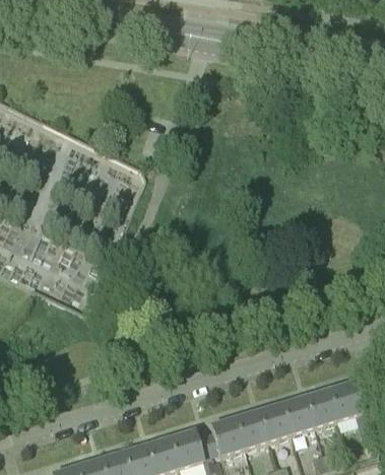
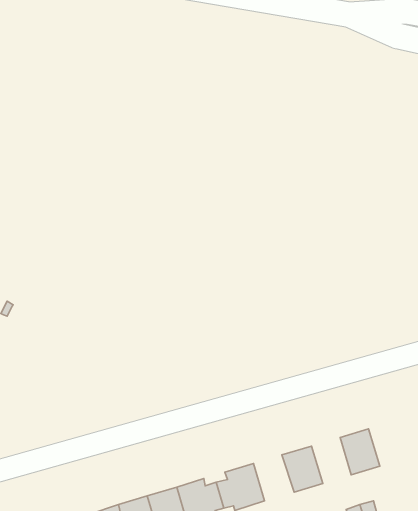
building: [325,382,358,419] -> none
building: [278,396,311,433] -> none
building: [231,410,264,448] -> none

